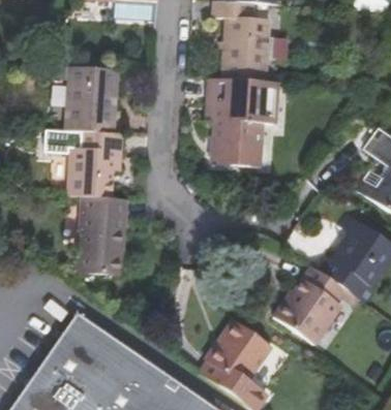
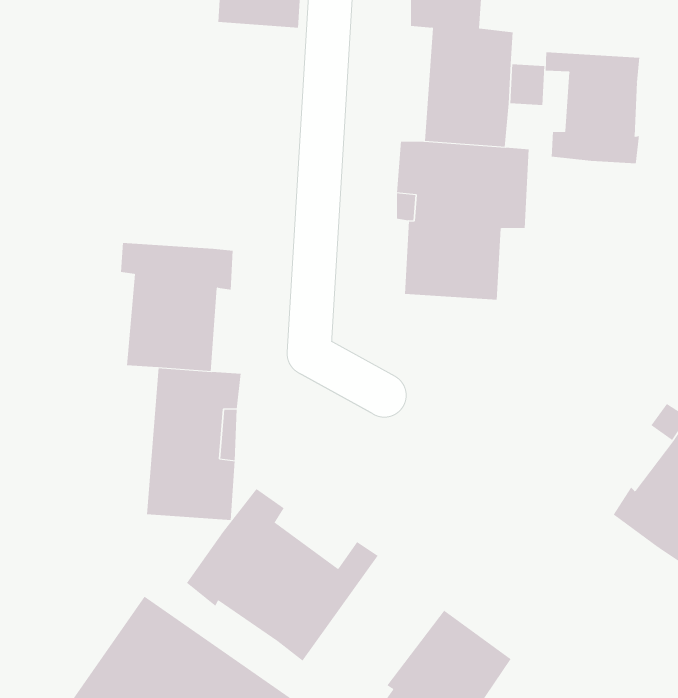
building: none -> [545,51,640,164]
building: [65,67,117,133] -> none
building: none -> [186,488,378,661]
building: [272,265,344,344] -> none

